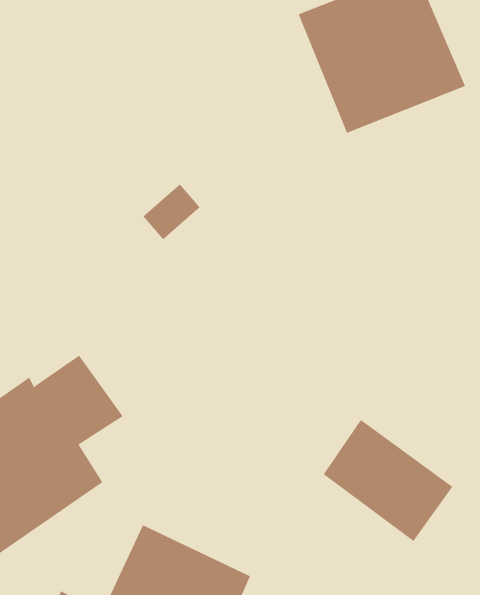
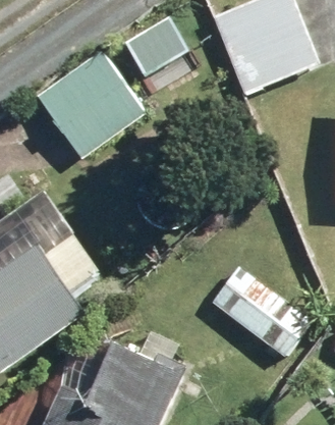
building: none -> [37,50,144,155]

